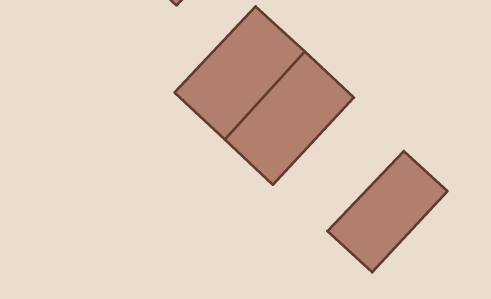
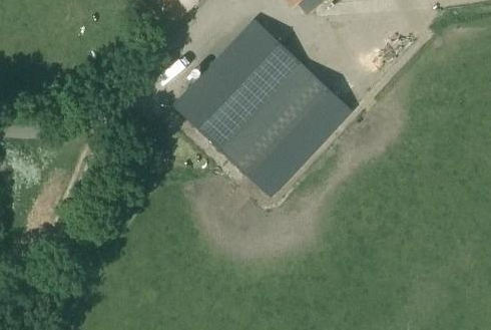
building: [327,151,447,272] -> none

